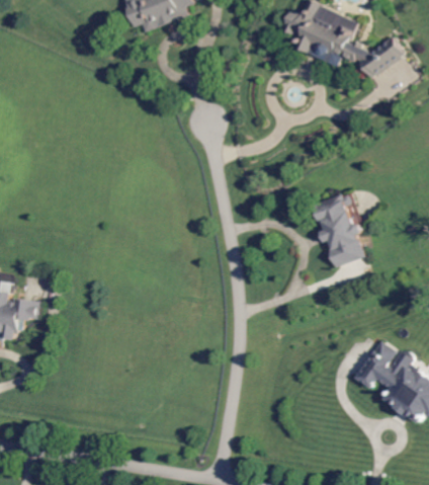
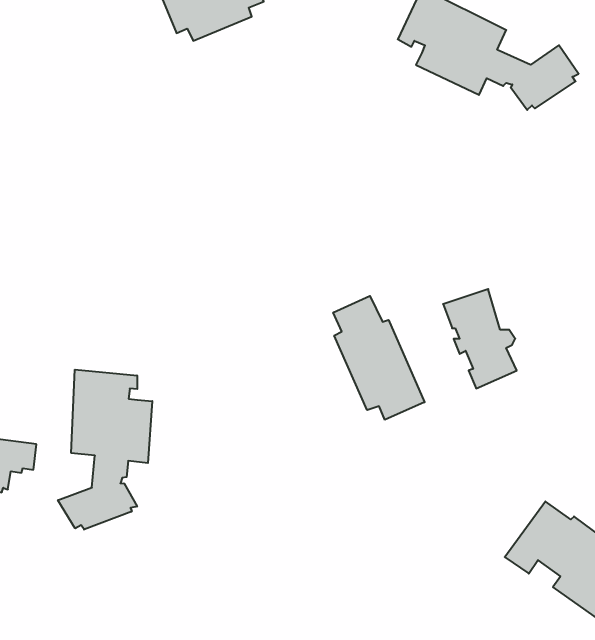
building: none -> [333,296,425,420]
building: none -> [58,370,152,530]

